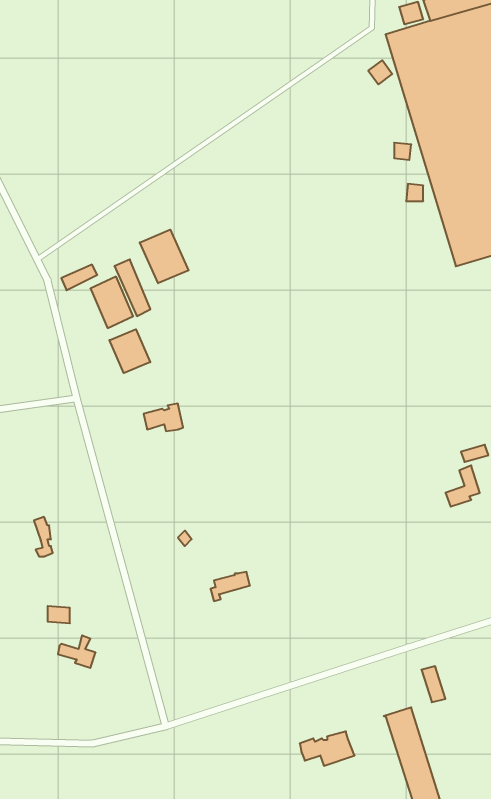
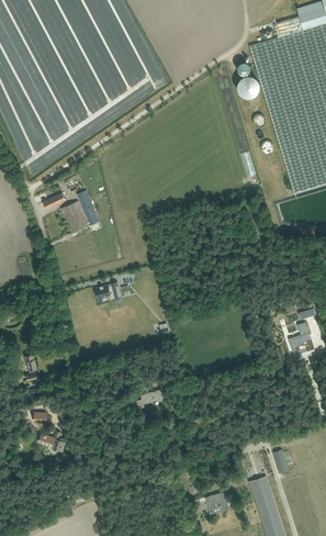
building: [140,230,189,283] -> none
building: [109,329,150,373] -> none

